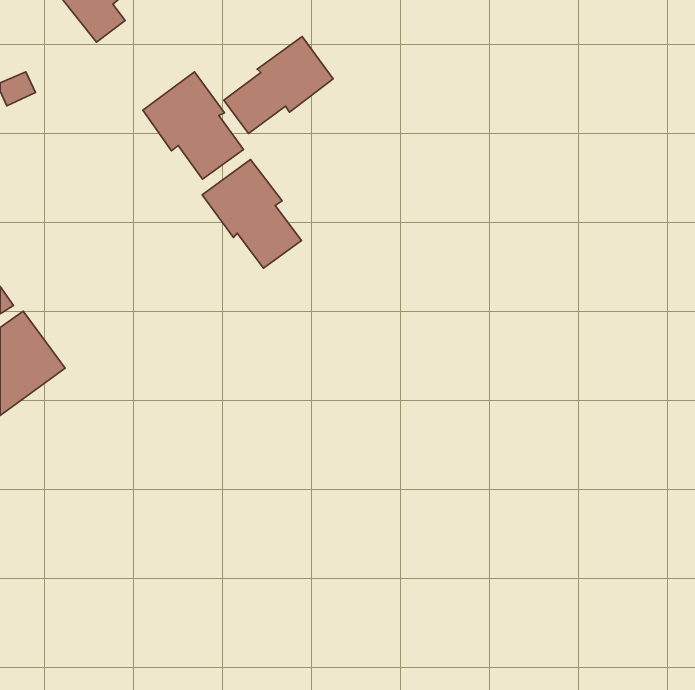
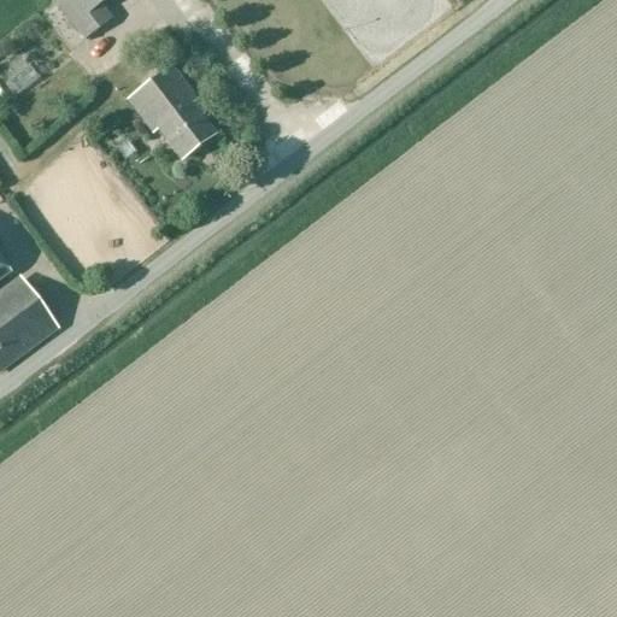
building: [224,36,333,134] -> none
building: [202,160,302,268] -> none

